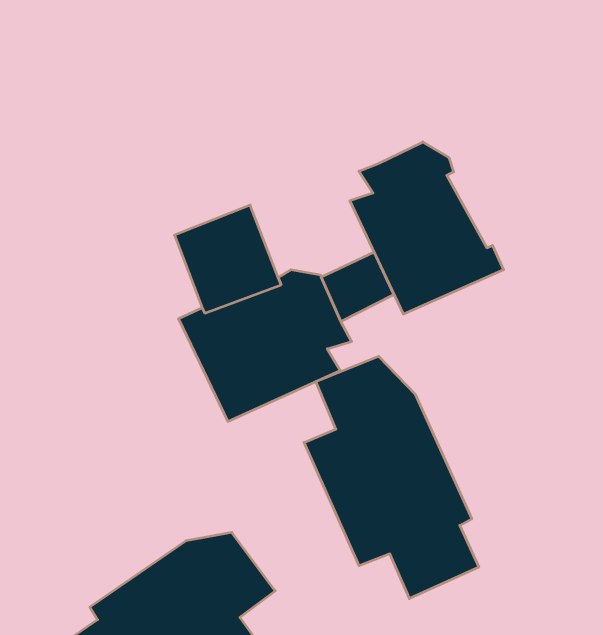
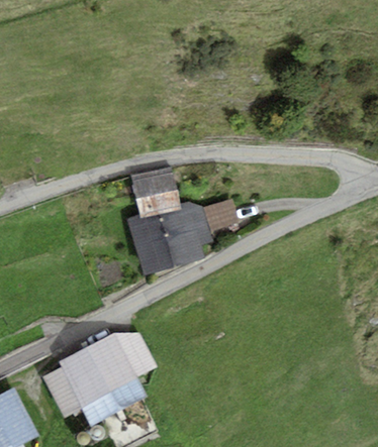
building: [350,142,504,314] -> none
building: [304,356,479,599] -> none

